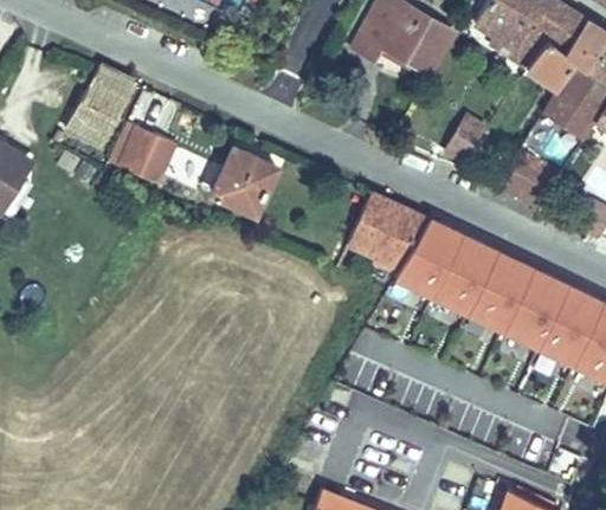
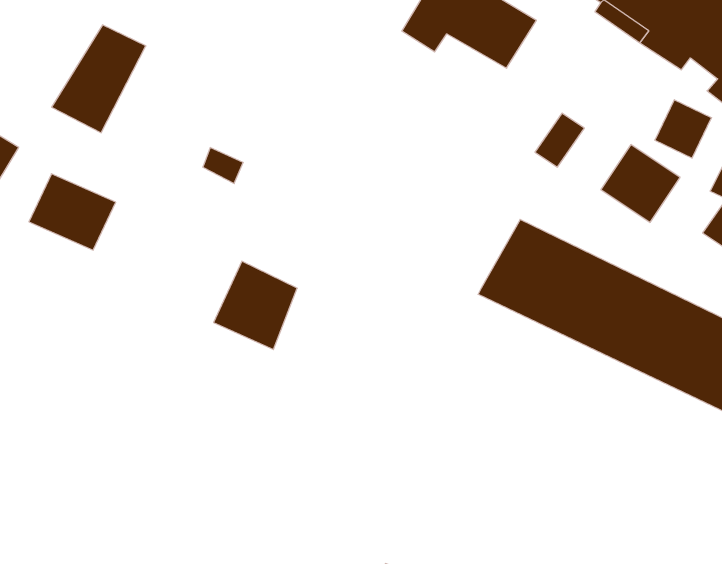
building: [110,123,179,183] -> [29,174,116,250]
building: [211,149,277,219] -> [214,261,297,350]
building: [346,186,431,270] -> none

